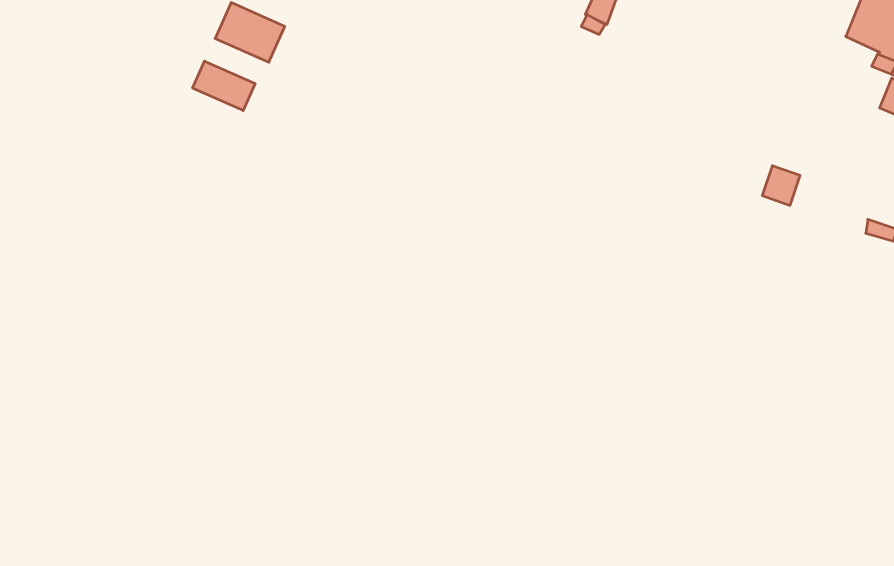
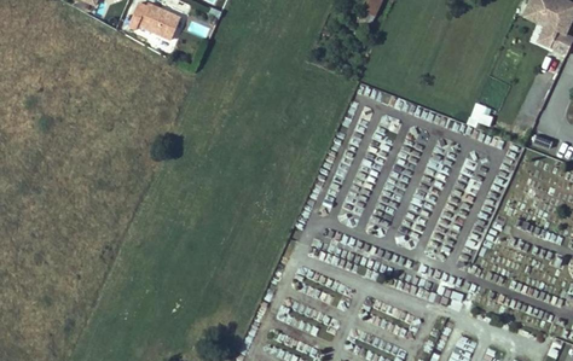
building: [193,61,255,111] -> none

